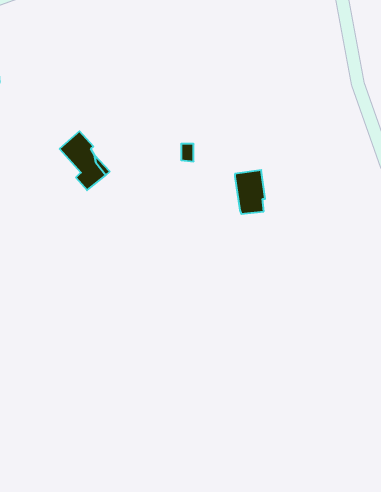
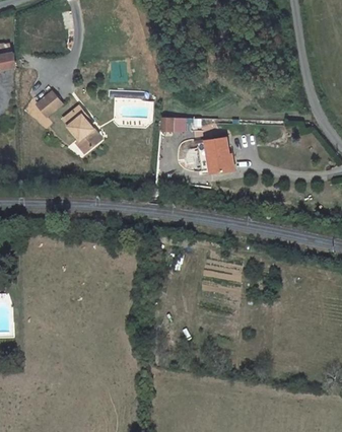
building: none -> [35,91,63,119]

